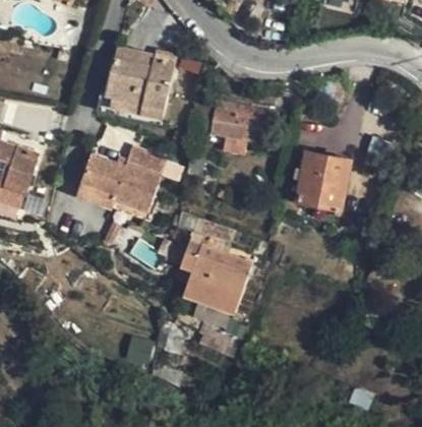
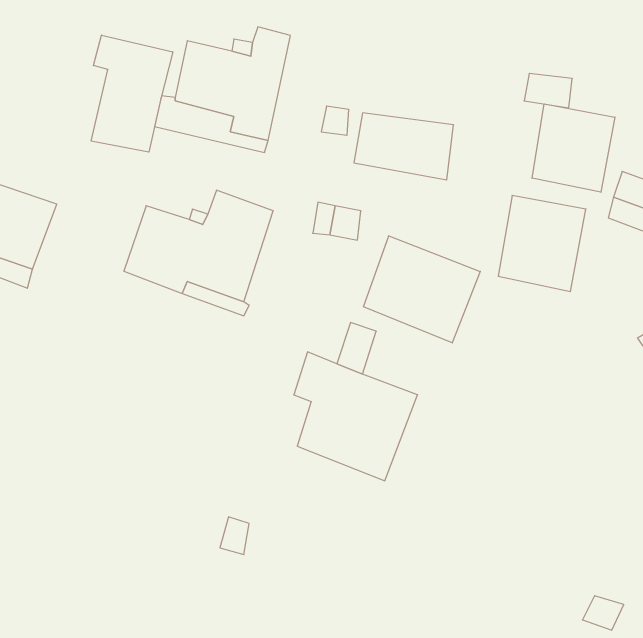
building: none -> [91,35,173,152]
building: none -> [532,104,615,192]
building: none -> [363,236,480,343]

